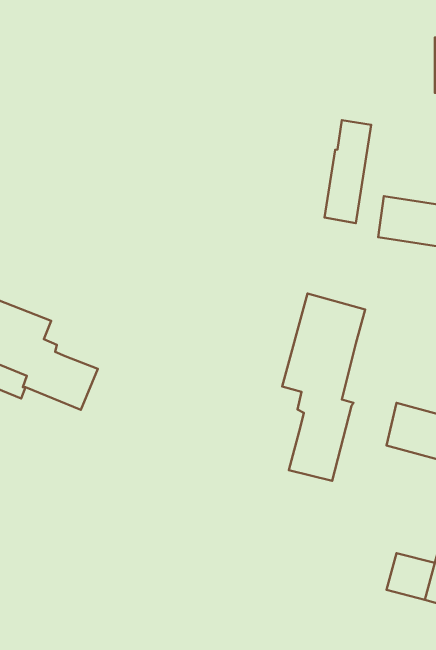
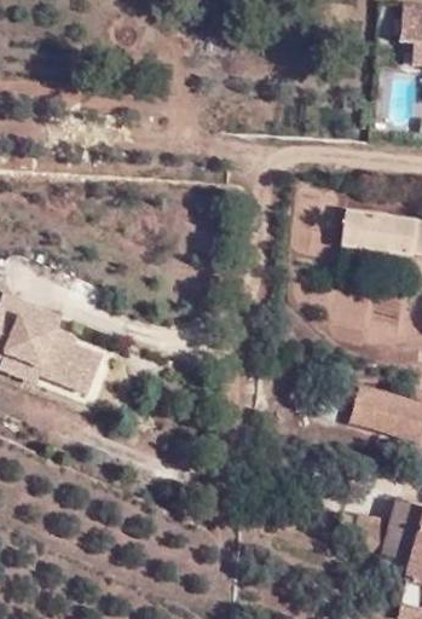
building: [325,120,371,223] -> none
building: [282,293,365,481] -> none

